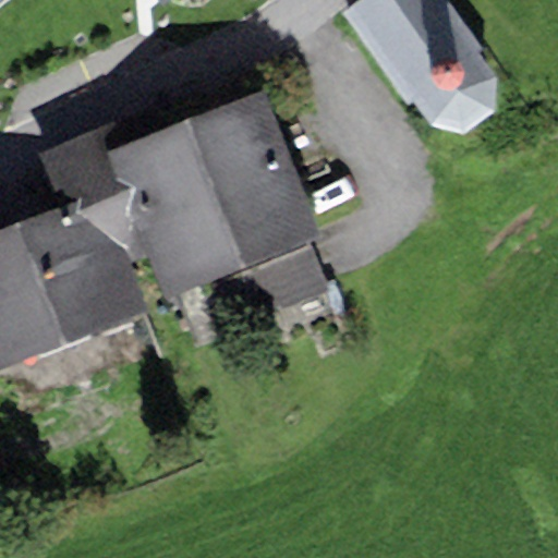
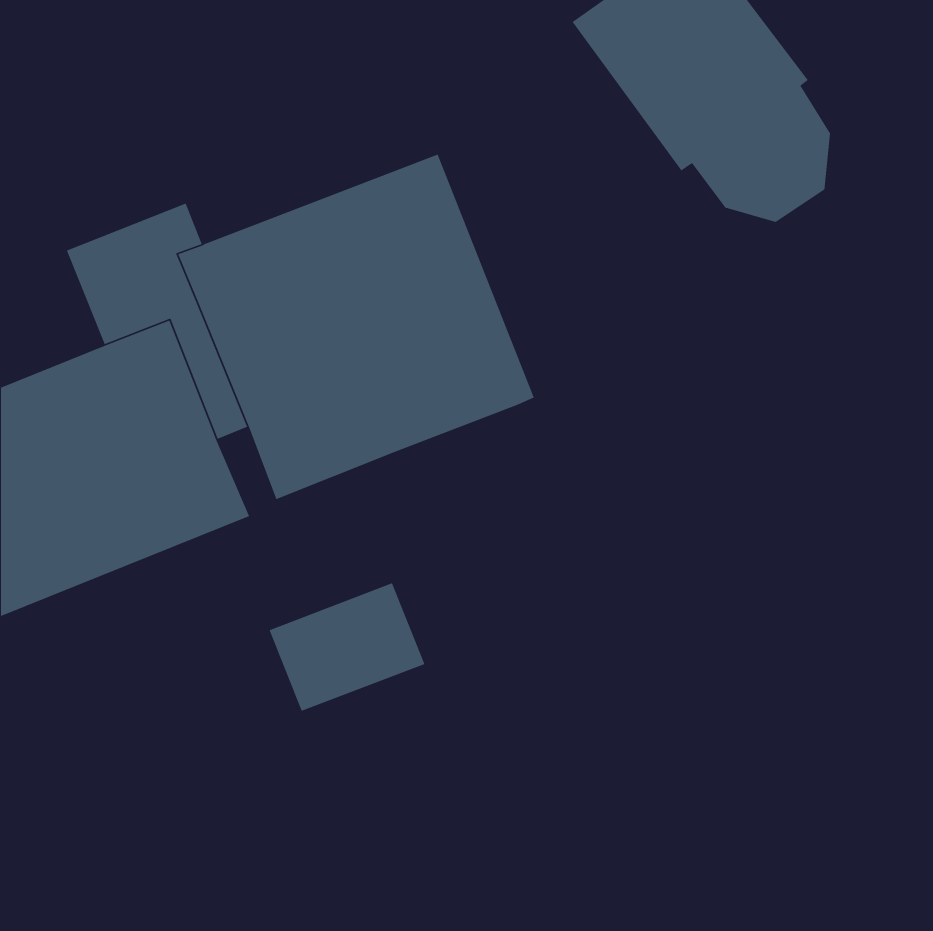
building: [235,242,329,319] -> [268,582,425,712]

